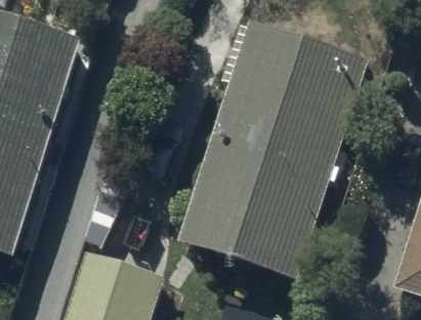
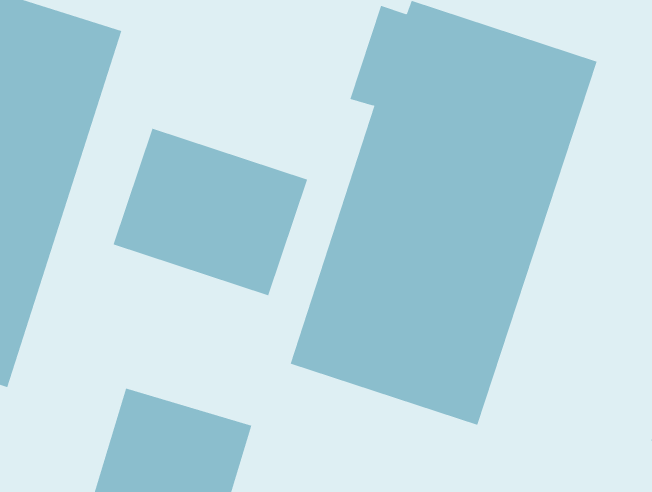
building: none -> [113,128,308,296]

